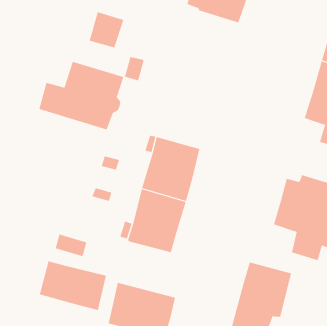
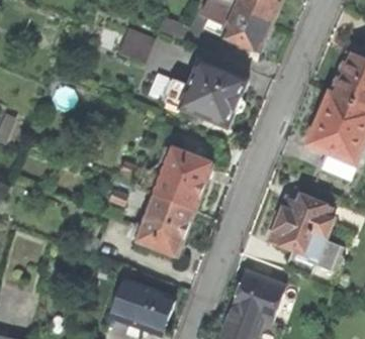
building: [38,61,124,130] -> [163,61,245,127]
building: [39,260,106,311] -> none

